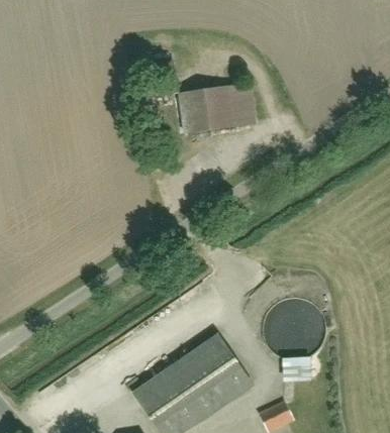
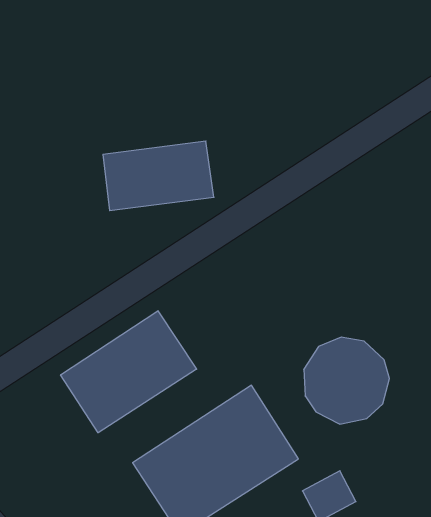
building: [167,85,251,137] -> [103,141,214,211]
building: none -> [61,311,197,433]

